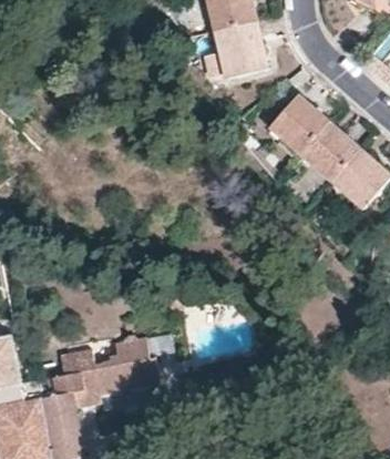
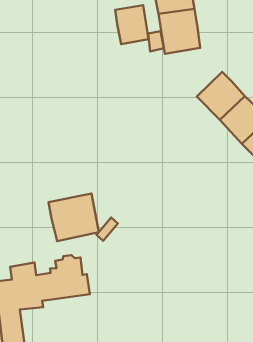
building: none -> [115,5,149,44]
building: none -> [49,194,99,241]

